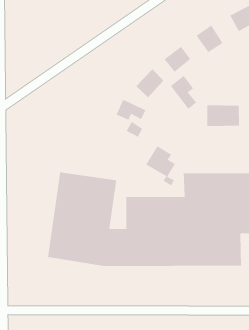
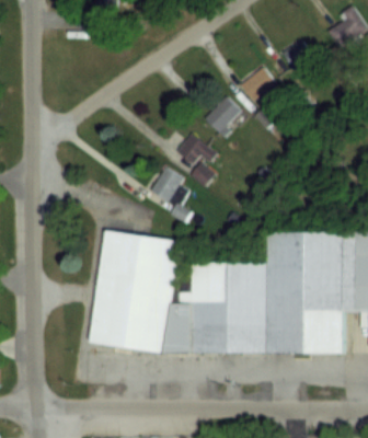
building: [170,75,197,110] -> none
building: [207,104,240,127] -> none
building: [145,145,176,187] -> [149,168,188,221]

